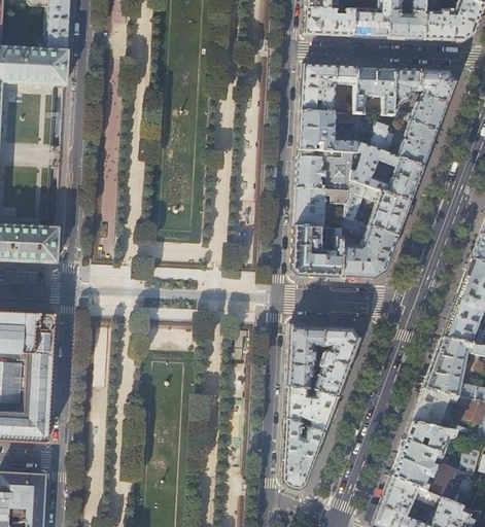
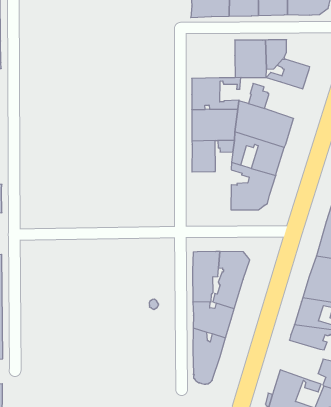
building: [301,64,356,111] -> none
building: [416,69,455,104] -> none
building: [396,120,437,167] -> none
building: [292,225,342,275] -> none
building: [389,440,440,491] -> none

